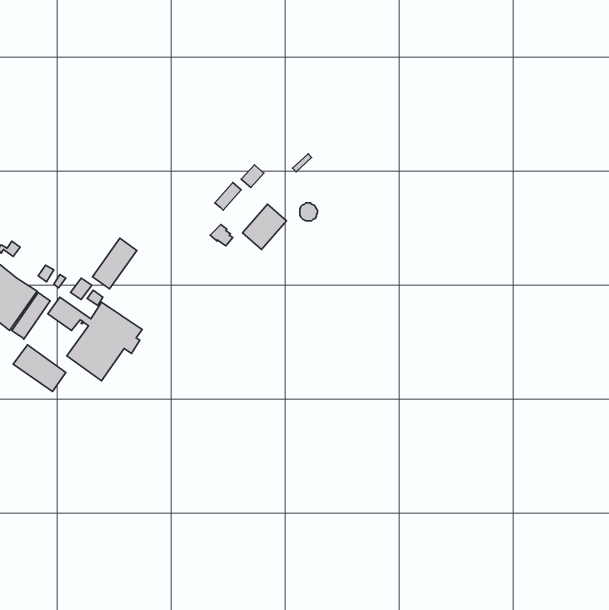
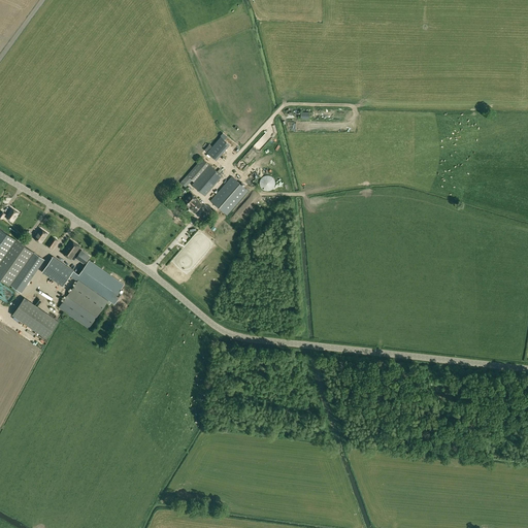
building: none -> [191,164,222,196]
building: [92,238,137,289] -> none

